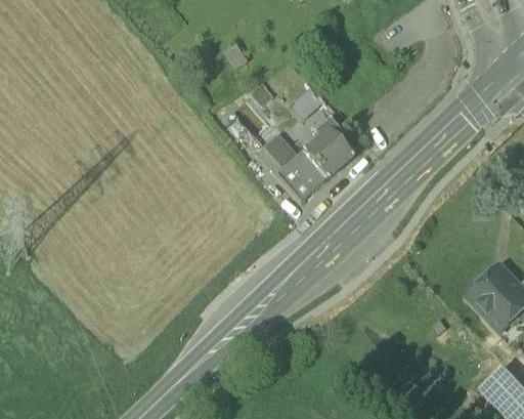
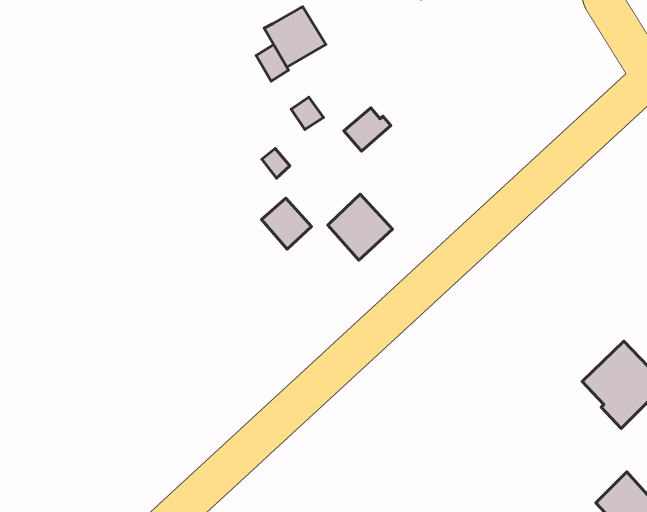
building: none -> [264,7,326,67]
building: [301,120,352,178] -> none
building: [258,135,296,174] -> [262,198,311,249]

